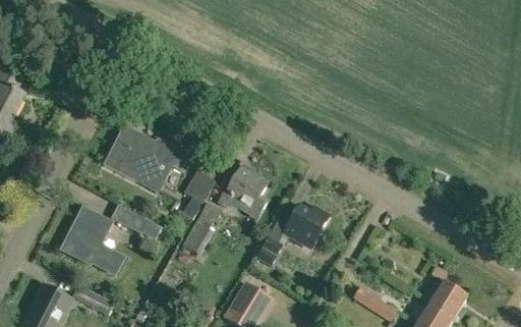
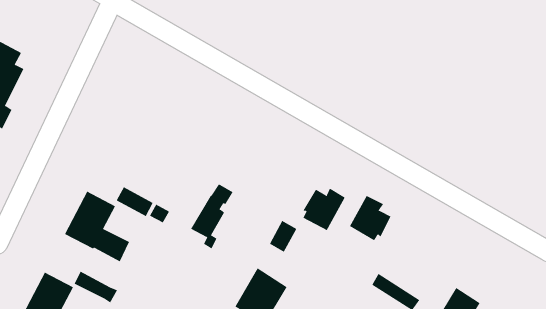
building: [110,128,175,189] -> none
building: [217,165,267,216] -> none
building: [181,169,214,218] -> none
building: none -> [349,195,391,241]
building: [430,264,466,314] -> none

